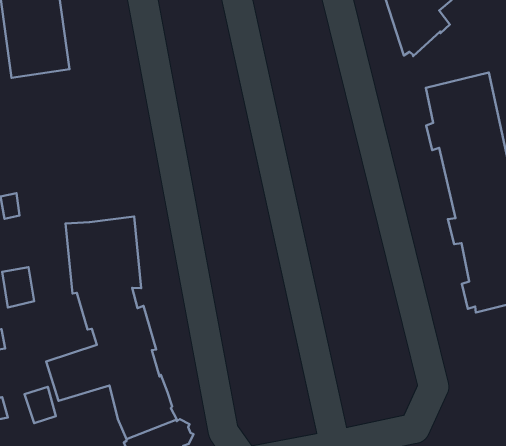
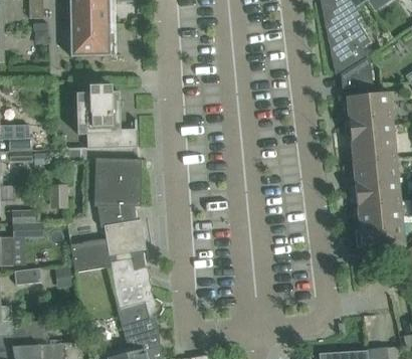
building: none -> [341,60,374,88]
building: none -> [76,85,138,149]

